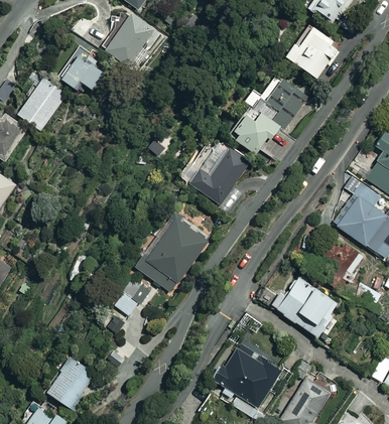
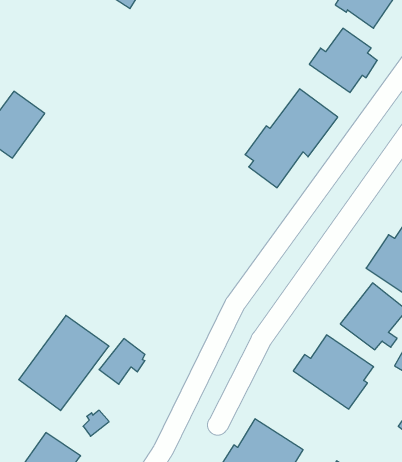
building: [102,10,160,69] -> none
building: [60,51,106,92] -> none
building: [181,142,250,214] -> none
building: [136,215,210,292] -> [19,315,109,411]

